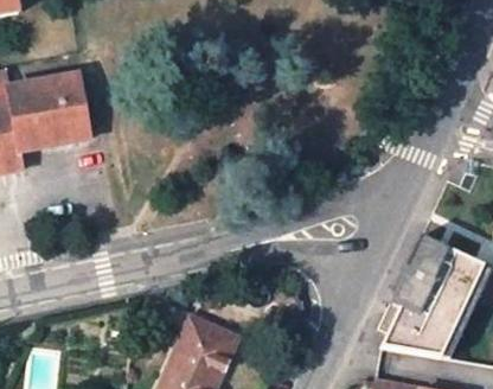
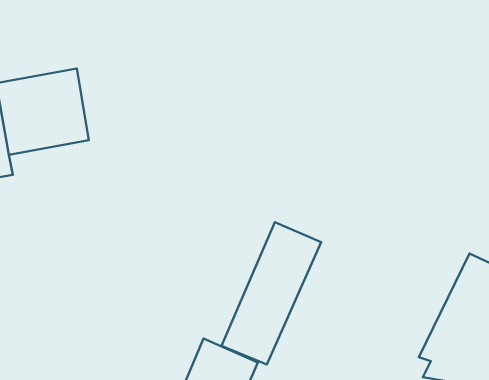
building: none -> [221,222,321,364]

